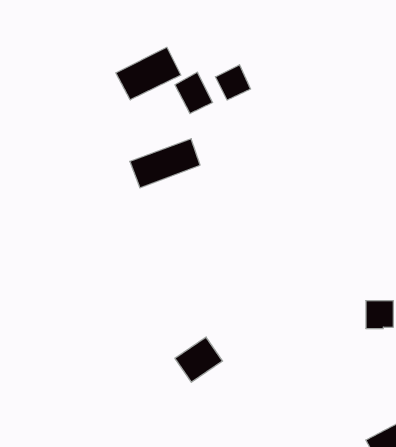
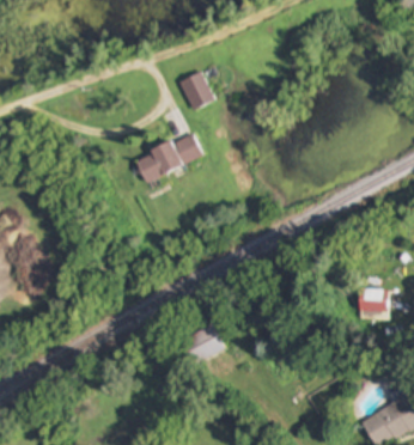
building: [116,47,181,100] -> none
building: [215,65,251,100] -> none

